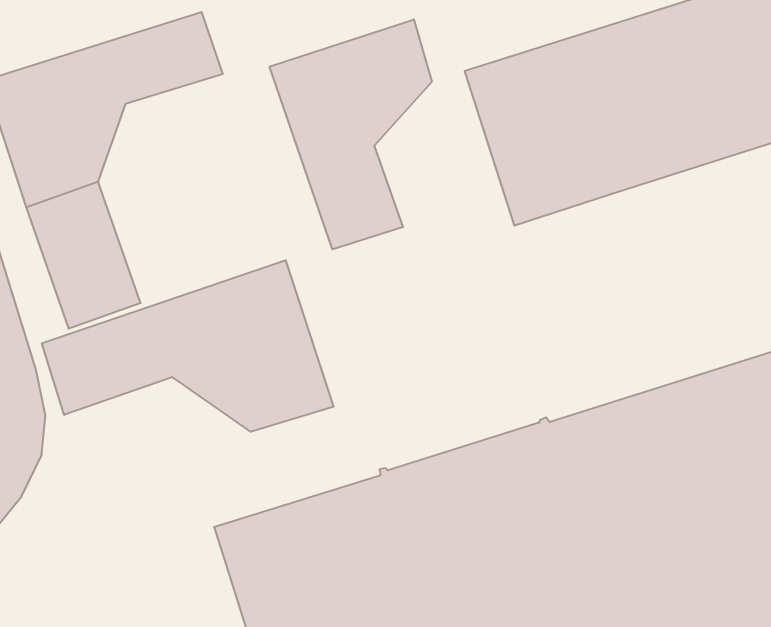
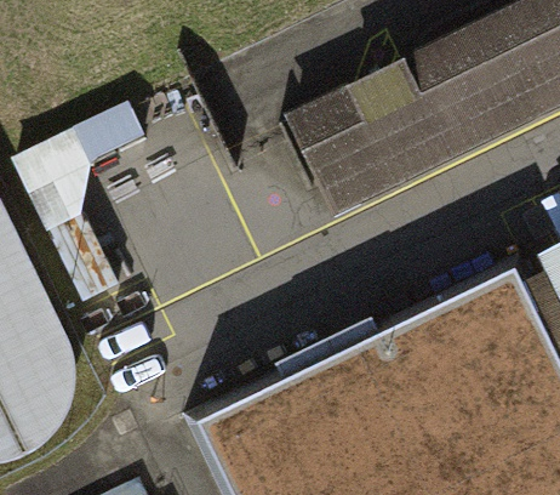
building: [270,19,432,249] -> none
building: [42,260,334,432] -> none

